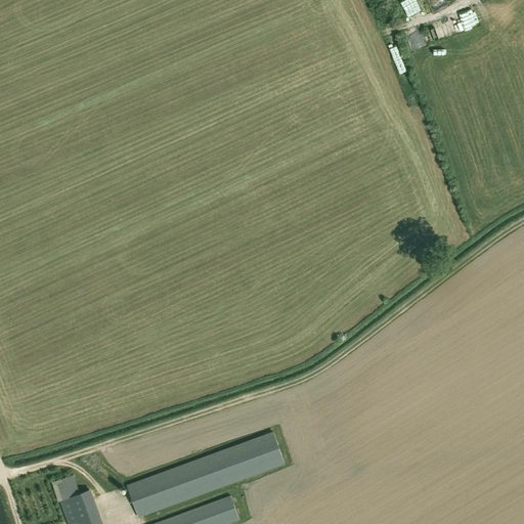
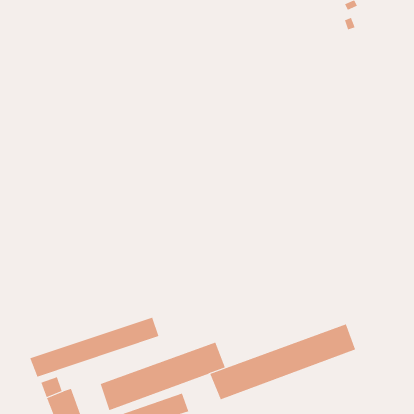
building: none -> [29,317,159,378]
building: none -> [210,323,356,400]

